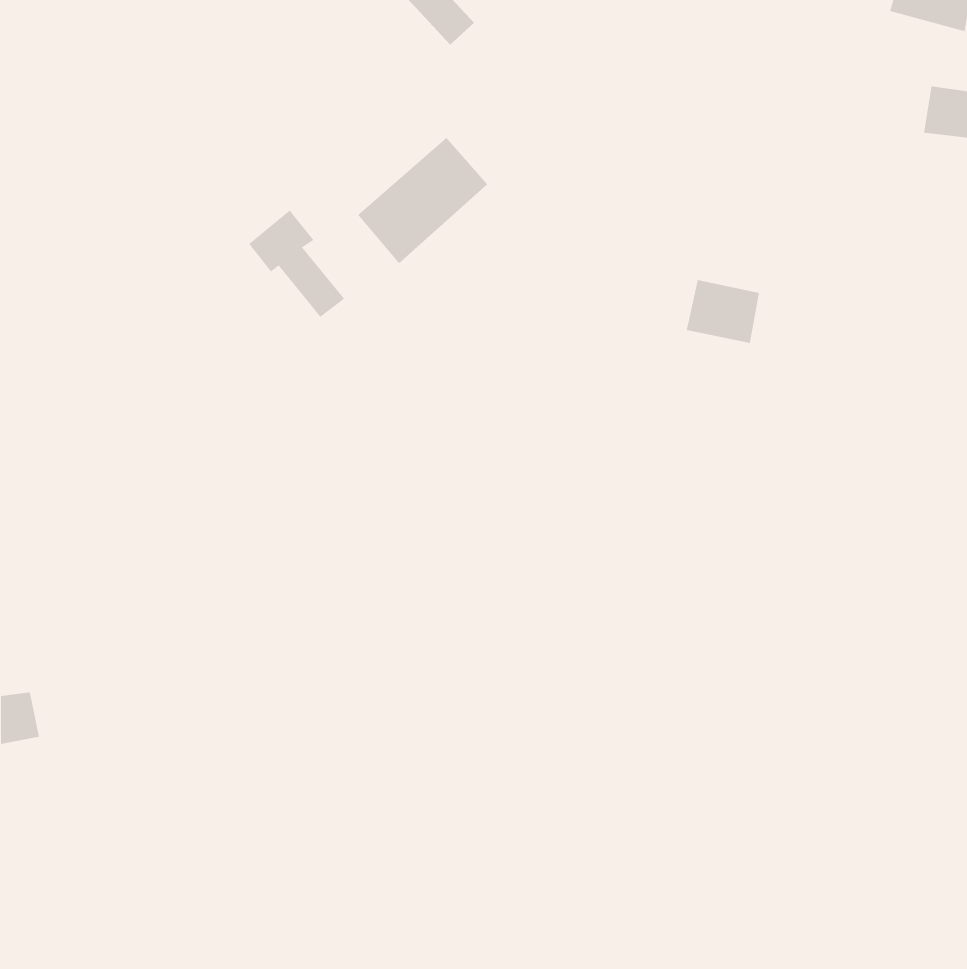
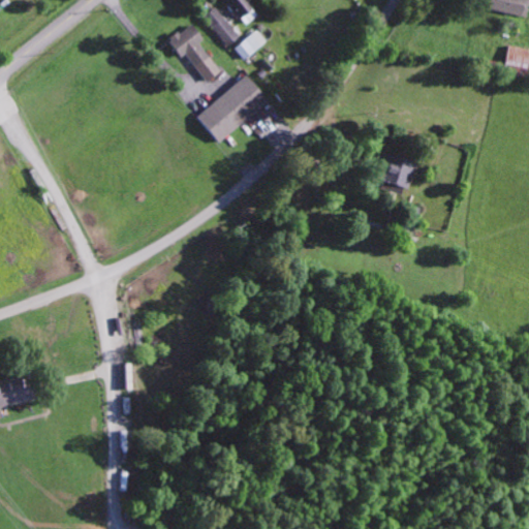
building: none -> [204,5,241,45]
building: none -> [235,29,268,60]
building: [248,210,345,318] -> [168,22,221,81]

